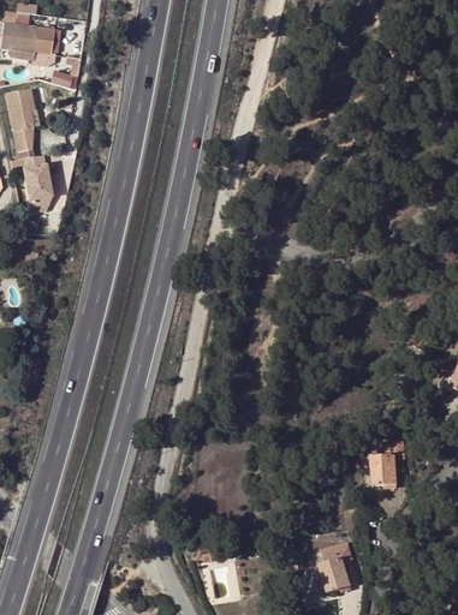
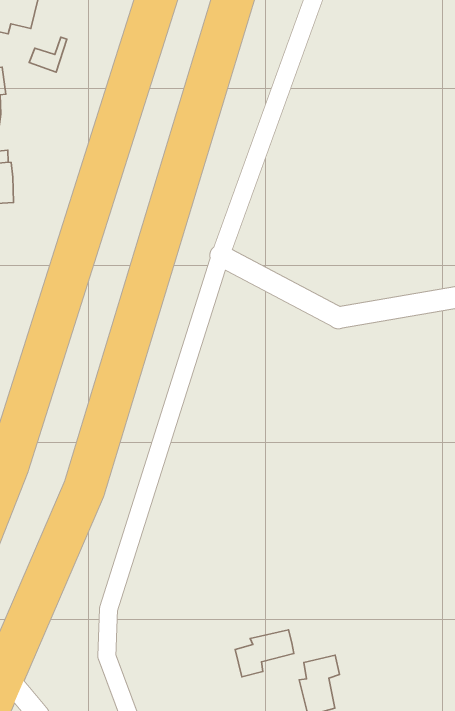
building: [371,442,405,486] -> none
building: none -> [235,630,294,677]

